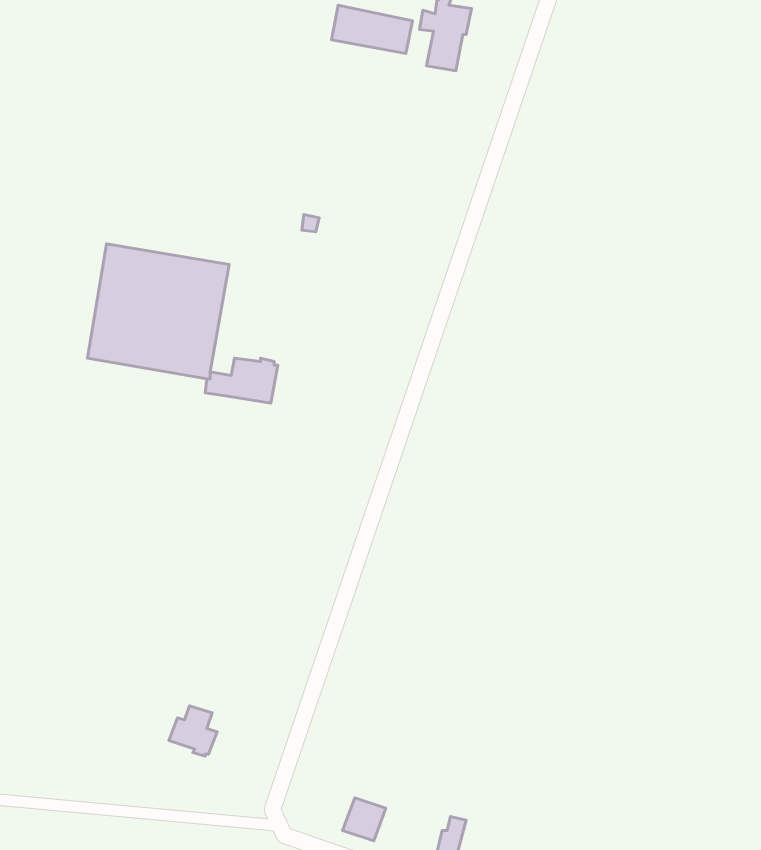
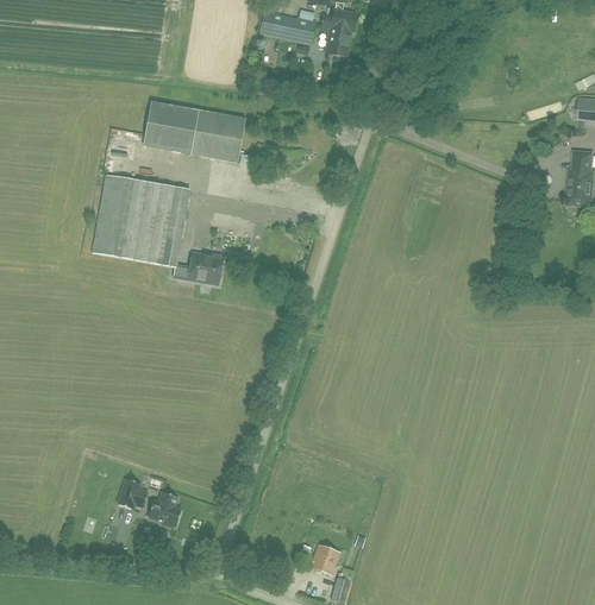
building: none -> [143,101,245,162]
building: none -> [118,478,149,508]
building: [343,798,386,841] -> [311,543,340,573]

